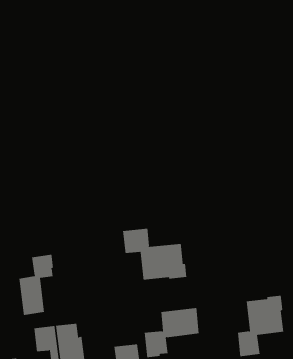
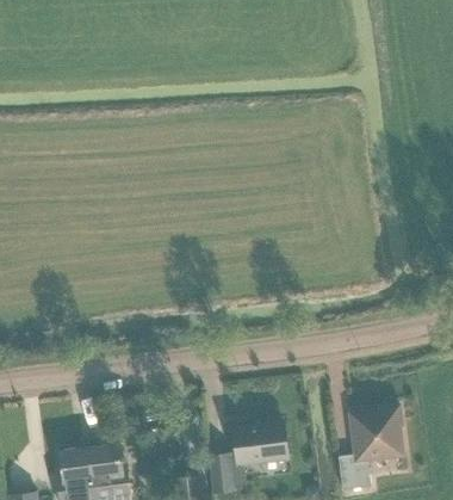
building: [123,228,187,281] -> none
building: [19,254,53,316] -> none

